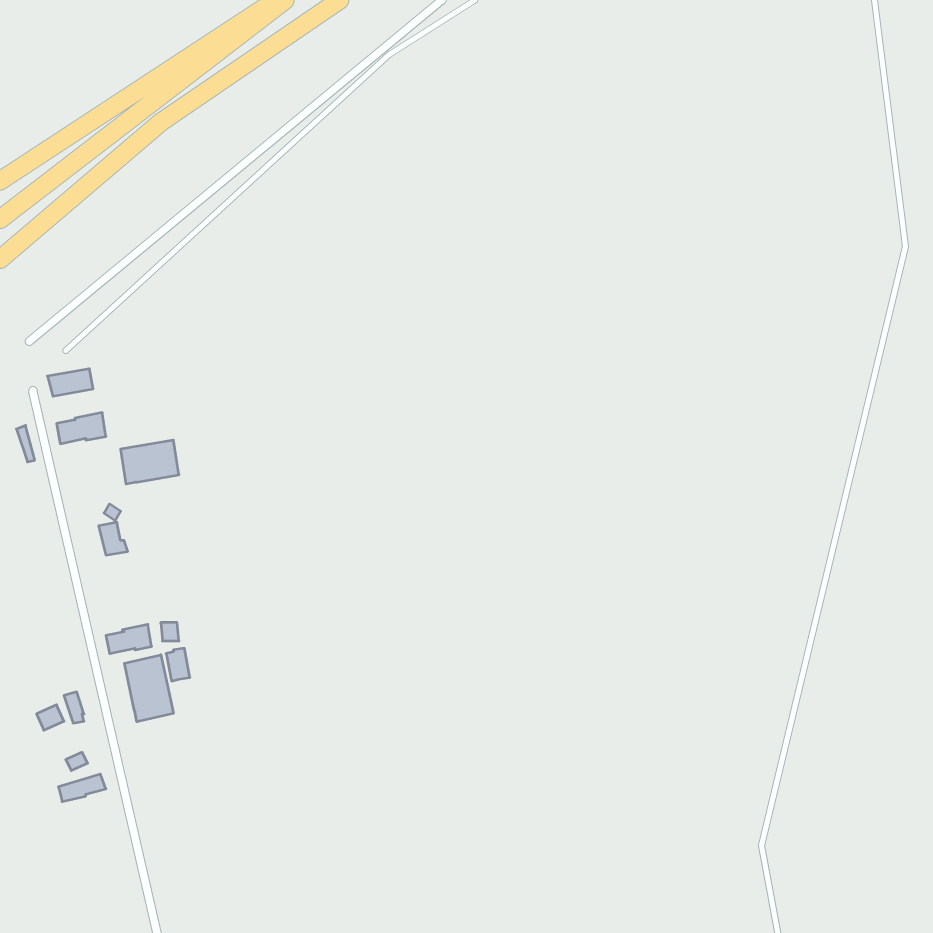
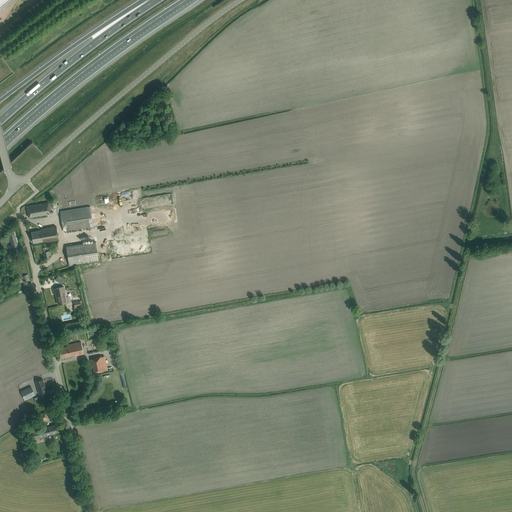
building: none -> [60,206,93,231]
building: [124,655,173,722] -> none

